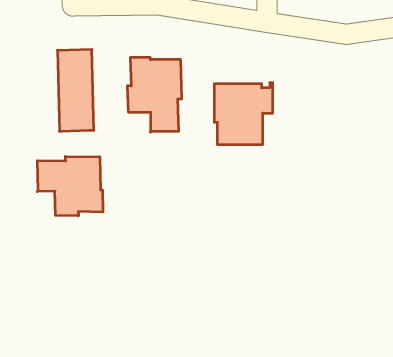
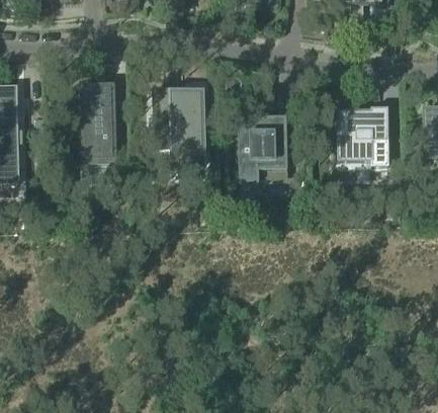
building: none -> [334,108,389,168]
building: [37,156,103,216] -> none

